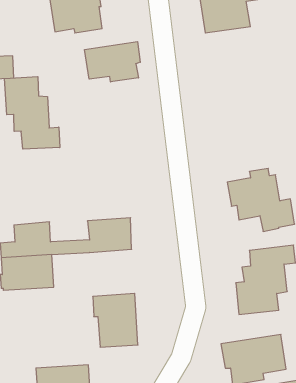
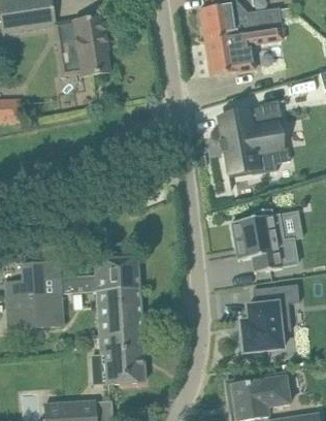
building: [85,42,140,82] -> none
building: none -> [219,105,282,173]
building: [4,77,60,149] -> none
building: none -> [97,287,141,333]

